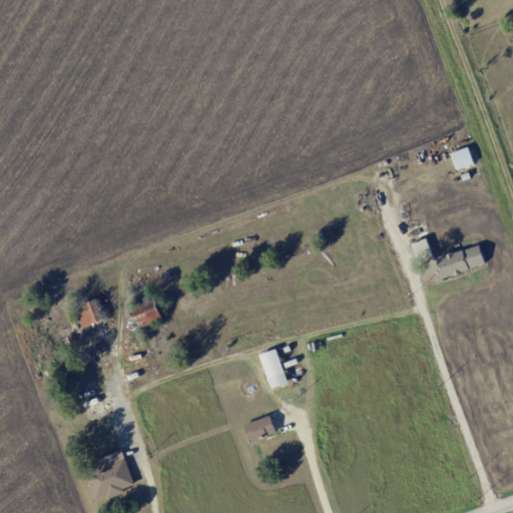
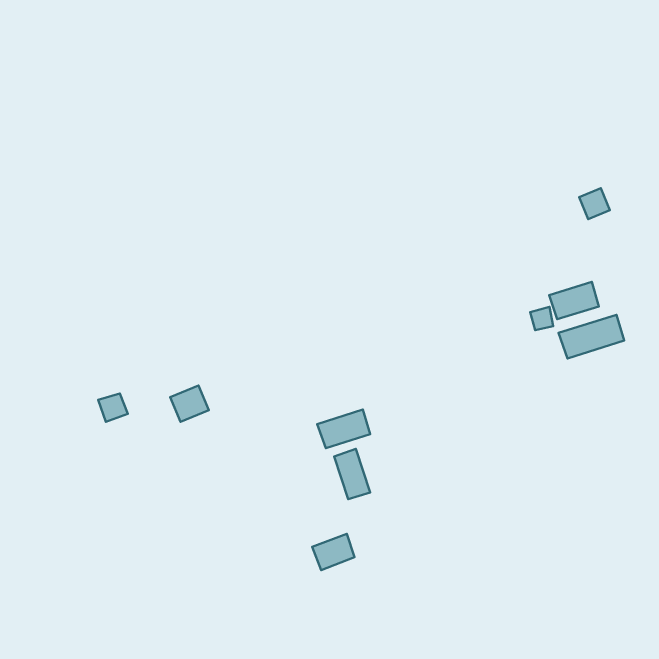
building: none -> [549,282,599,319]
building: none -> [317,409,370,448]
building: [86,450,134,500] -> none

